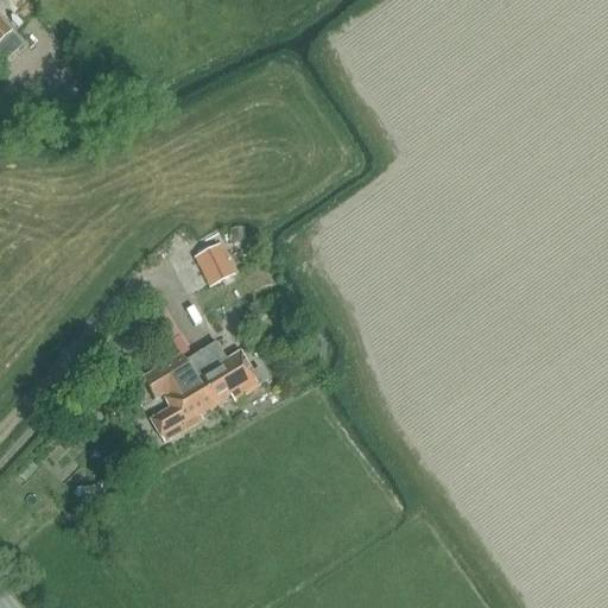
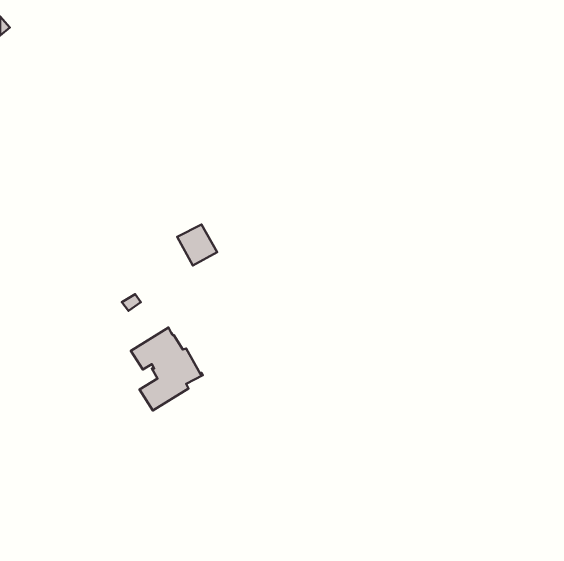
building: [186,340,268,401] -> none

